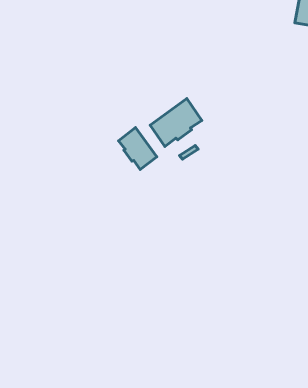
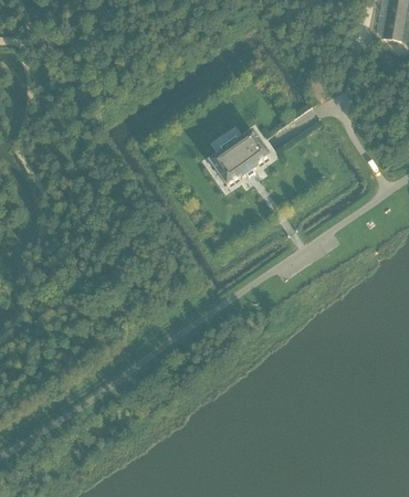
building: [119,128,157,169] -> none

